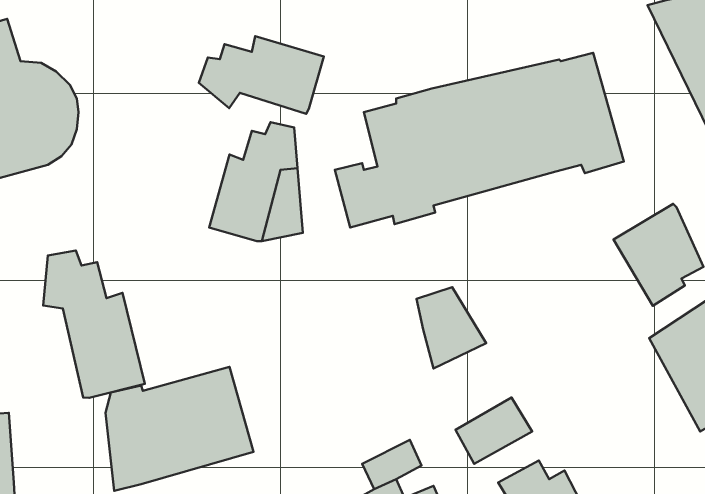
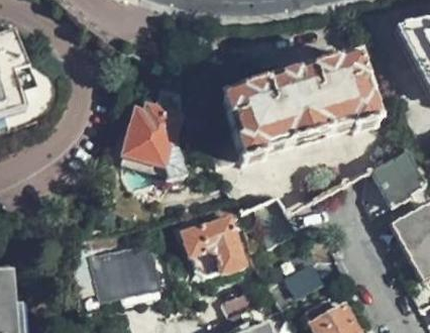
building: [199,36,324,114] -> none
building: [43,251,145,398] -> none
building: none -> [178,200,242,271]

